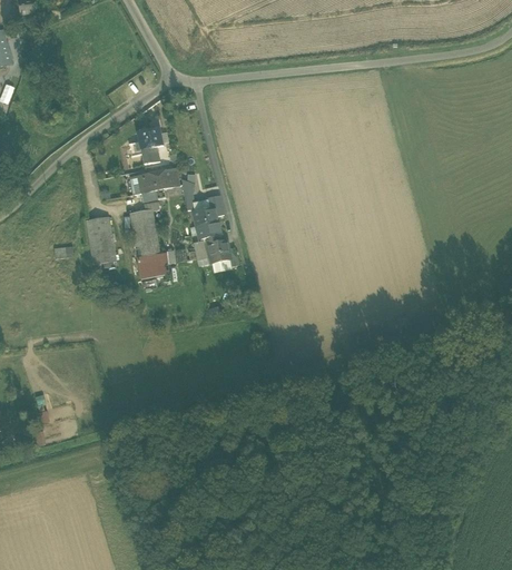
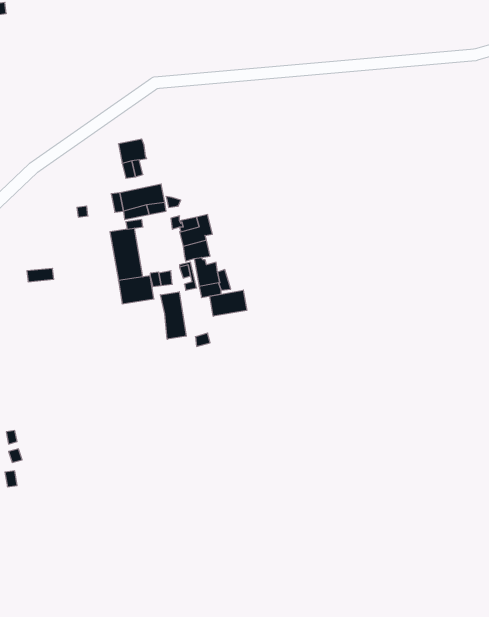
building: [86,215,115,264] -> none
building: none -> [210,290,247,316]
building: none -> [160,292,186,339]

